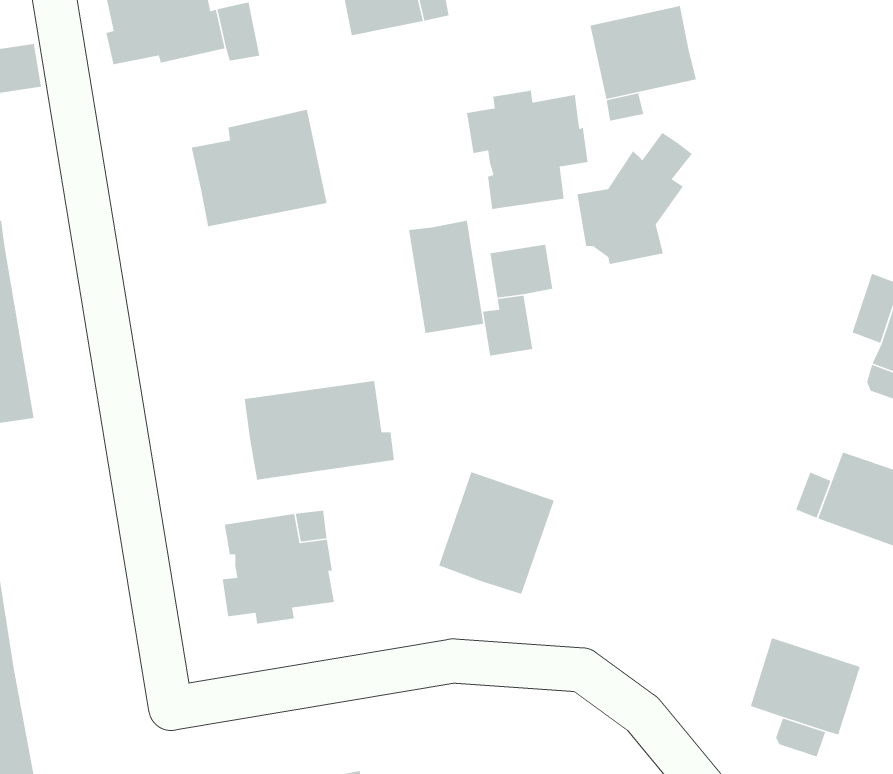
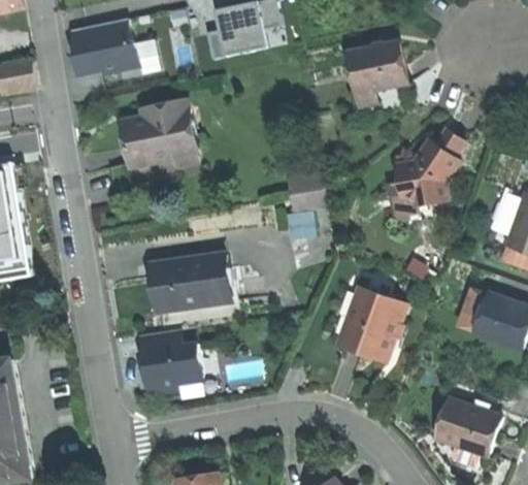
building: [466,90,588,210] -> none
building: [577,132,693,265] -> [396,130,462,205]
building: [408,220,484,334] -> none
building: [438,471,555,595] -> [338,287,404,357]

